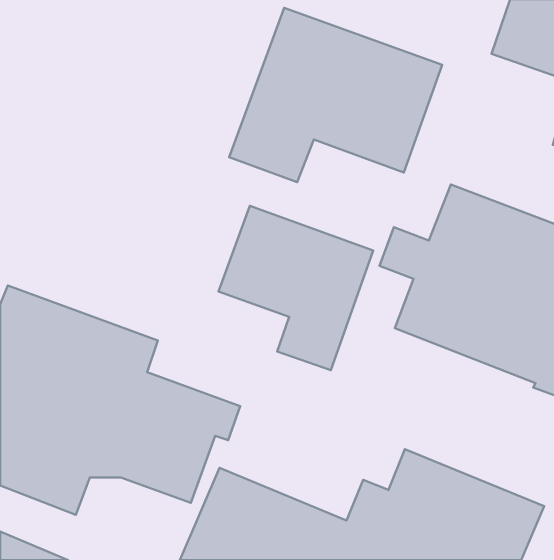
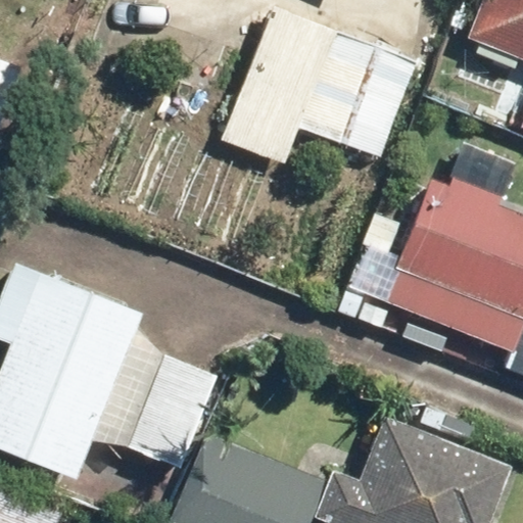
building: [219,206,373,370] -> none

